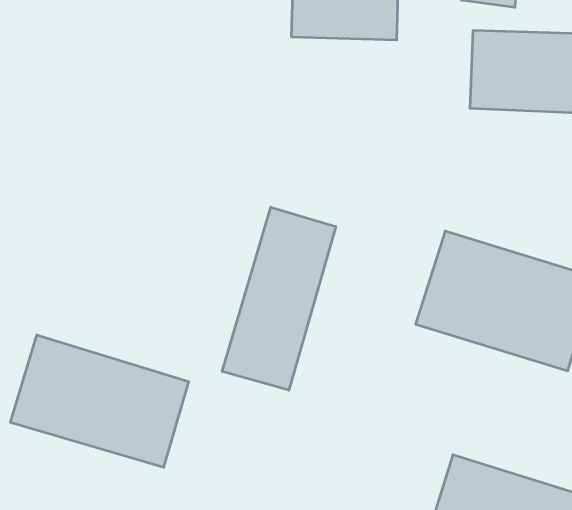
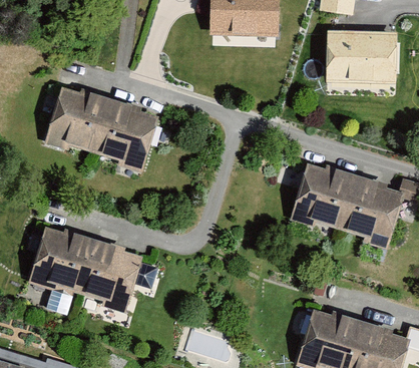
building: none -> [44,84,159,172]
building: [222,207,336,390] -> none

